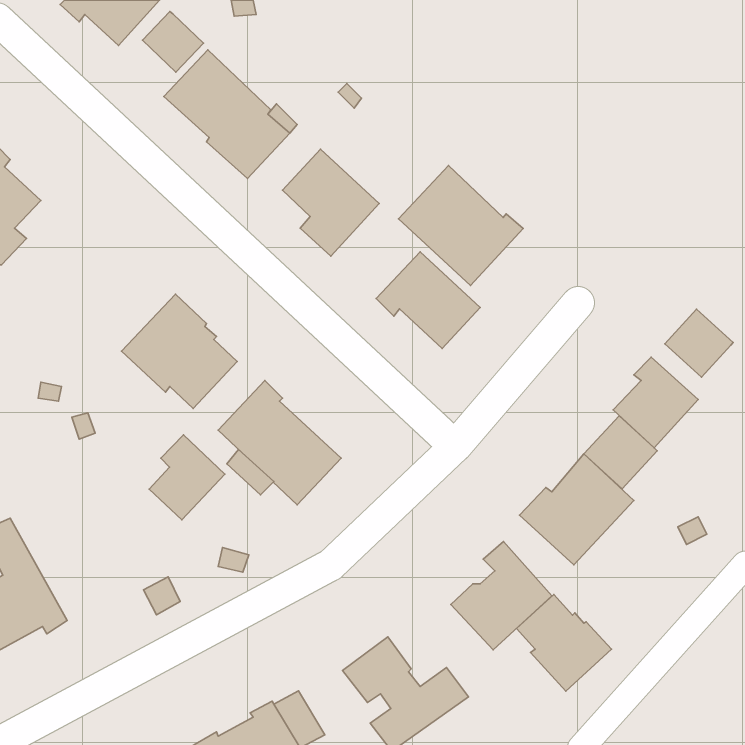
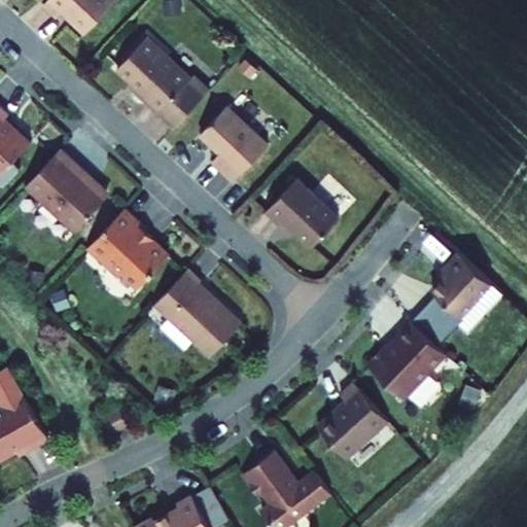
building: [142,11,203,72] -> none
building: [399,166,523,285] -> none
building: none -> [25,149,105,233]
building: [665,309,733,377] -> none
building: [149,435,225,520] -> none
building: [516,594,611,691] -> none

